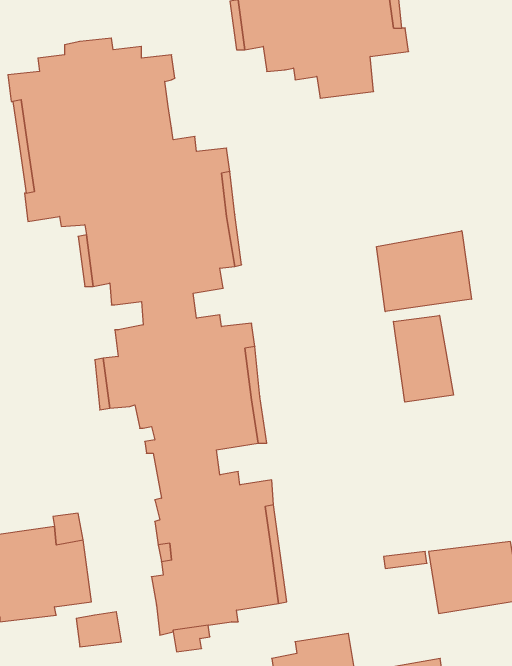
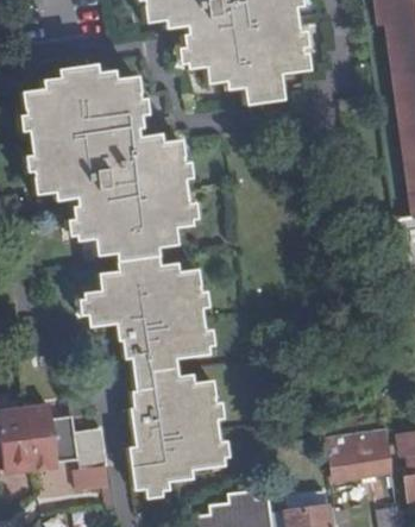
building: [377,231,472,312] -> none
building: [393,315,453,402] -> none

